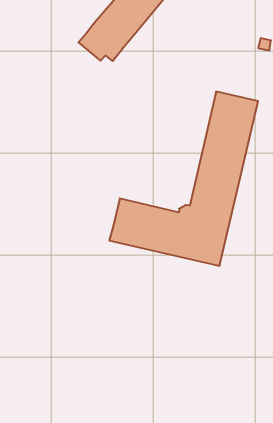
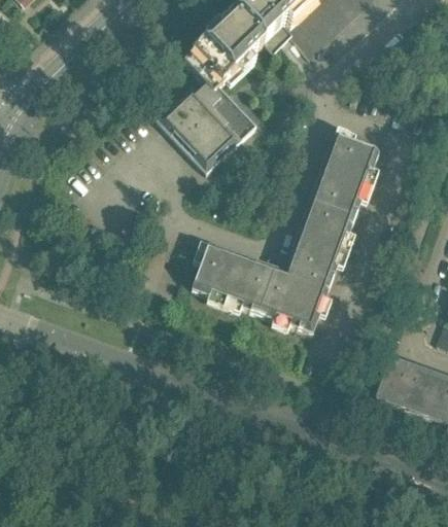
building: none -> [158,77,257,170]

